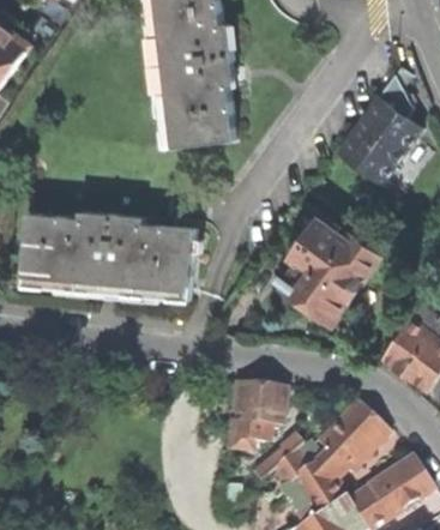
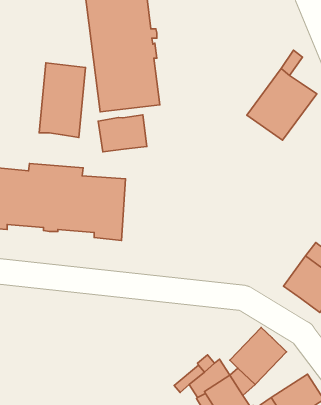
building: none -> [39,63,85,137]
building: none -> [98,115,147,152]
building: [287,221,380,321] -> none
building: [228,384,284,454] -> none

